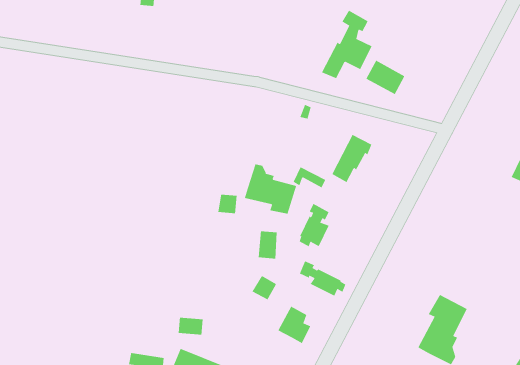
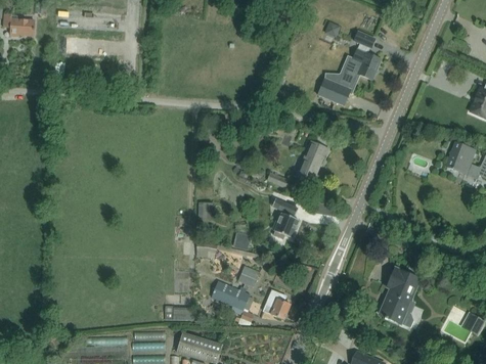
building: [321,10,373,79] -> [339,31,380,89]
building: [244,164,297,214] -> none
building: [299,260,346,297] -> none
building: none -> [211,281,250,315]

